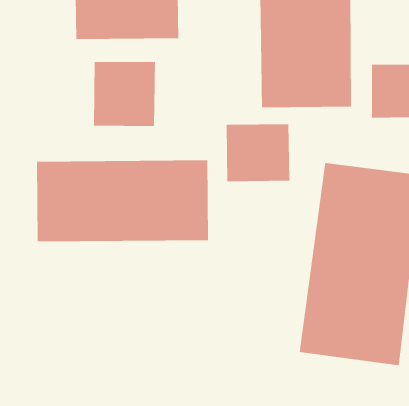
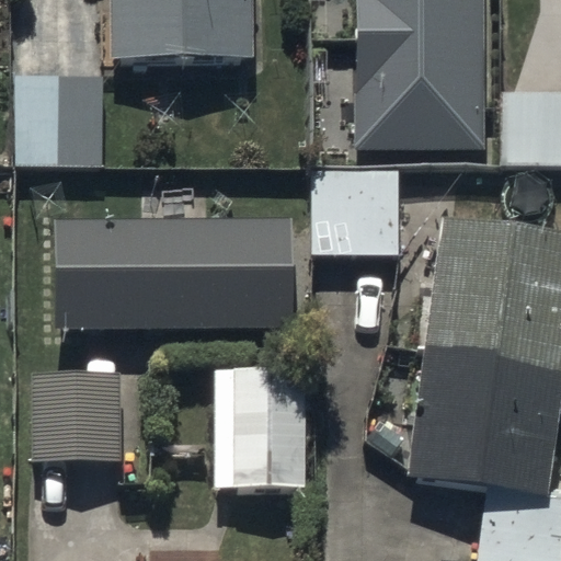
building: [93,61,156,127] -> [19,79,104,168]
building: none -> [216,367,306,492]
building: none -> [32,373,124,467]

